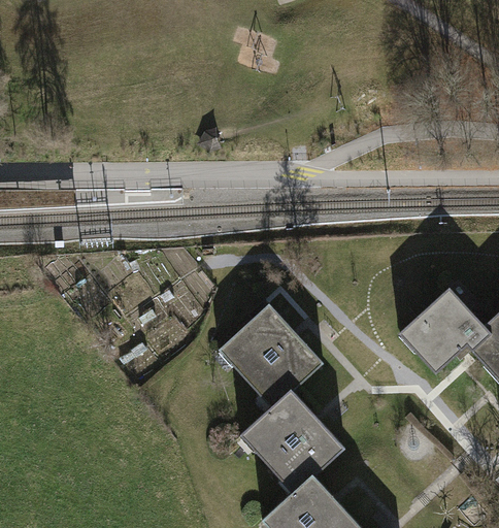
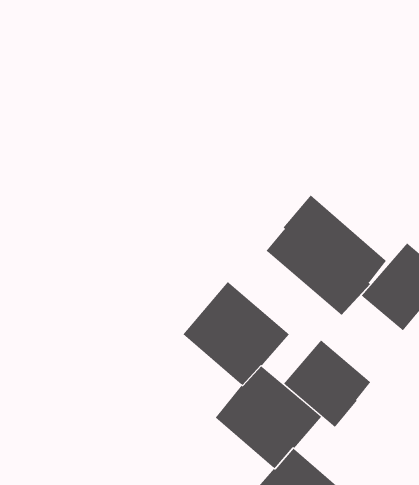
building: none -> [266,195,387,316]
building: none -> [283,340,371,428]

